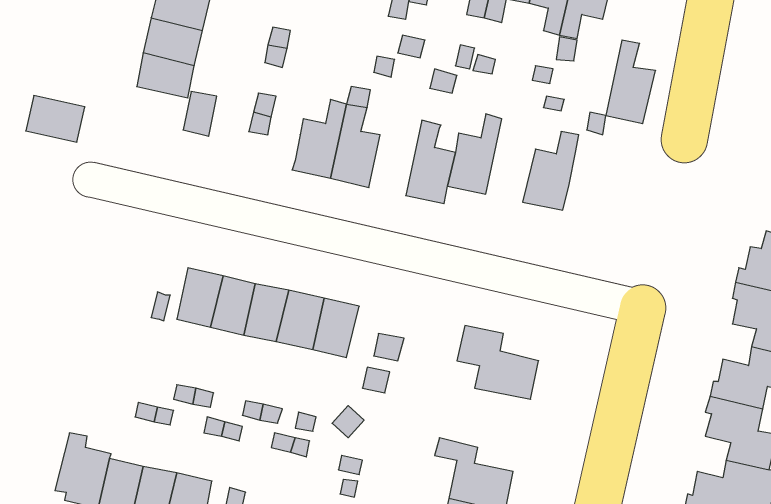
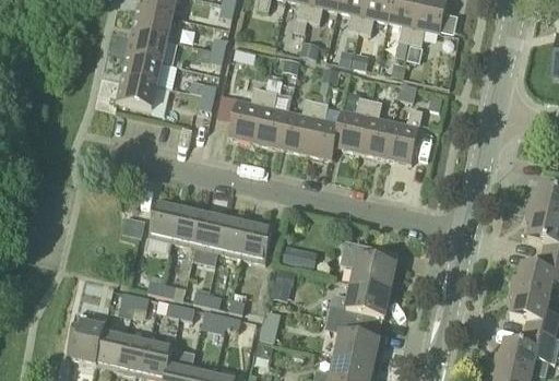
building: [606,40,656,124] -> [360,100,394,157]
building: [26,96,85,142] -> [117,79,157,110]
building: none -> [281,99,317,153]
building: none -> [329,284,391,324]

